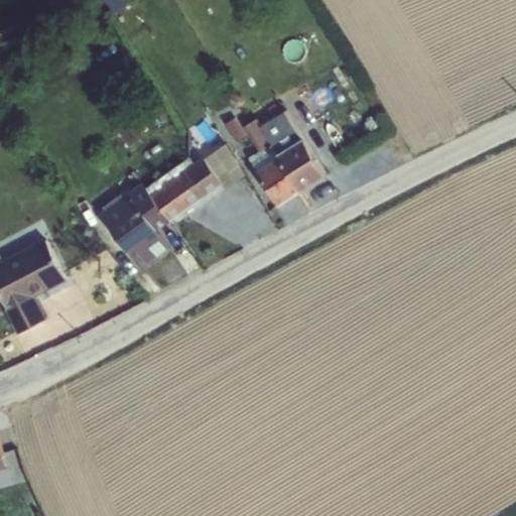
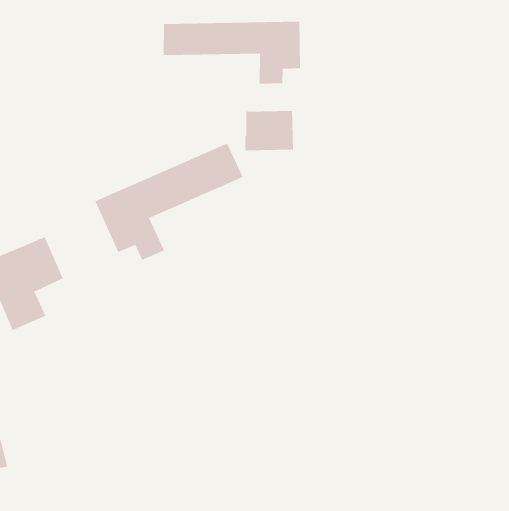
building: none -> [163,21,300,84]
building: [252,141,325,207] -> none

